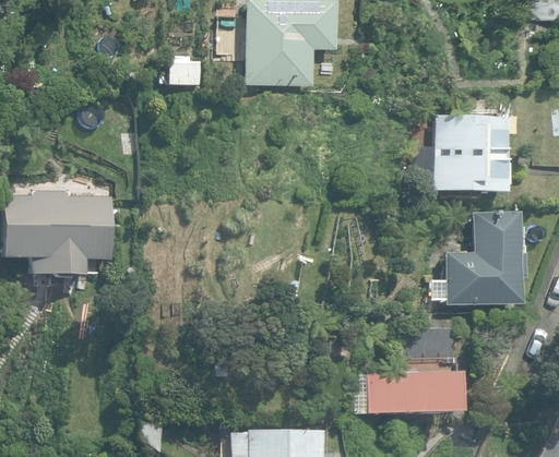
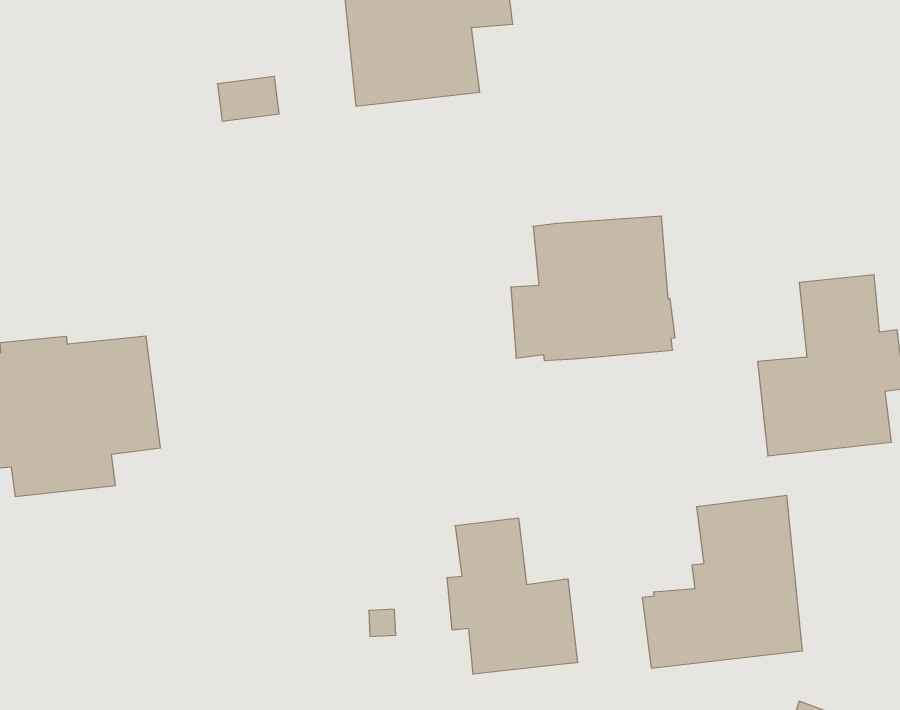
building: [418,115,508,192] -> [511,216,675,361]
building: none -> [447,518,577,674]

